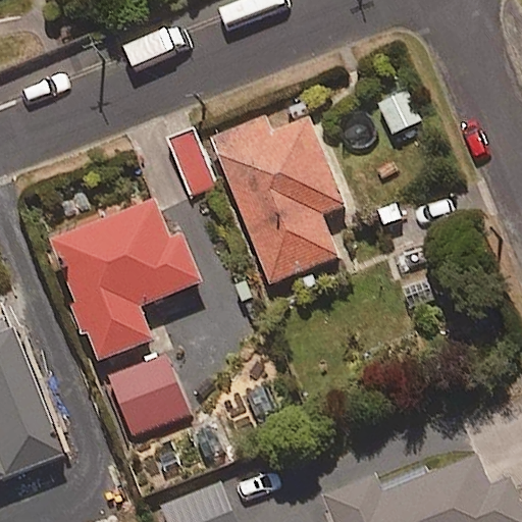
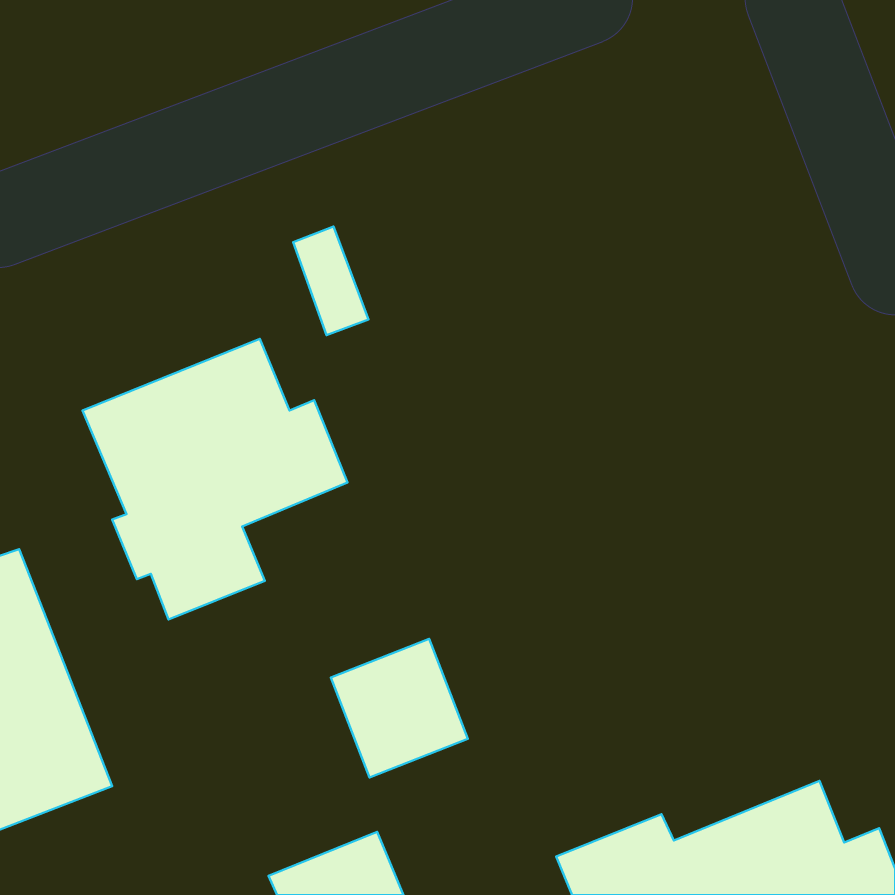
building: [209,100,344,283] -> none
building: [109,356,189,436] -> [331,639,468,777]

